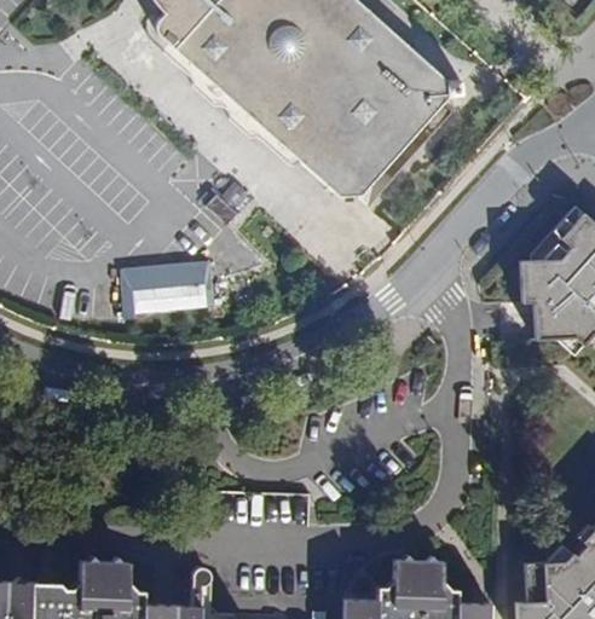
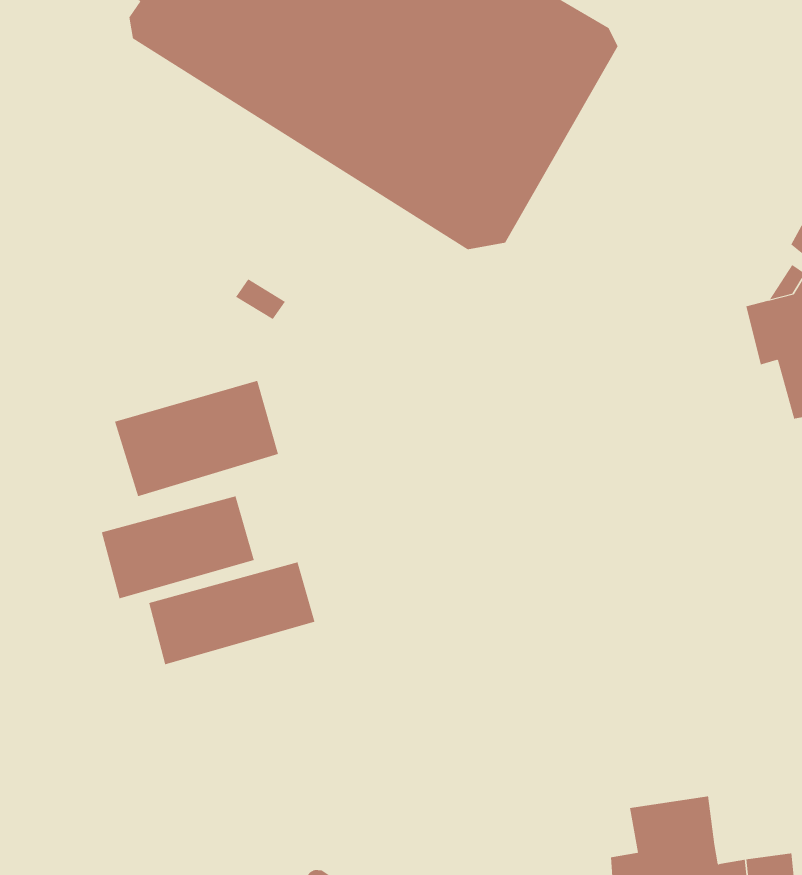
building: none -> [101,495,255,599]
building: none -> [148,562,315,665]

